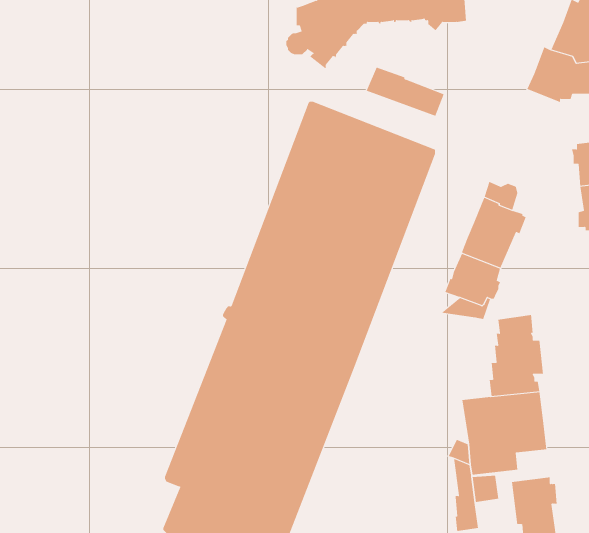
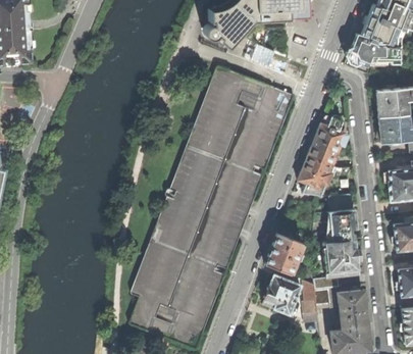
building: none -> [265,233,303,273]
building: none -> [263,274,301,314]

